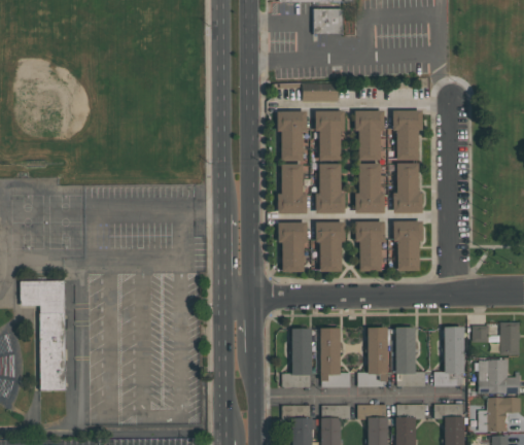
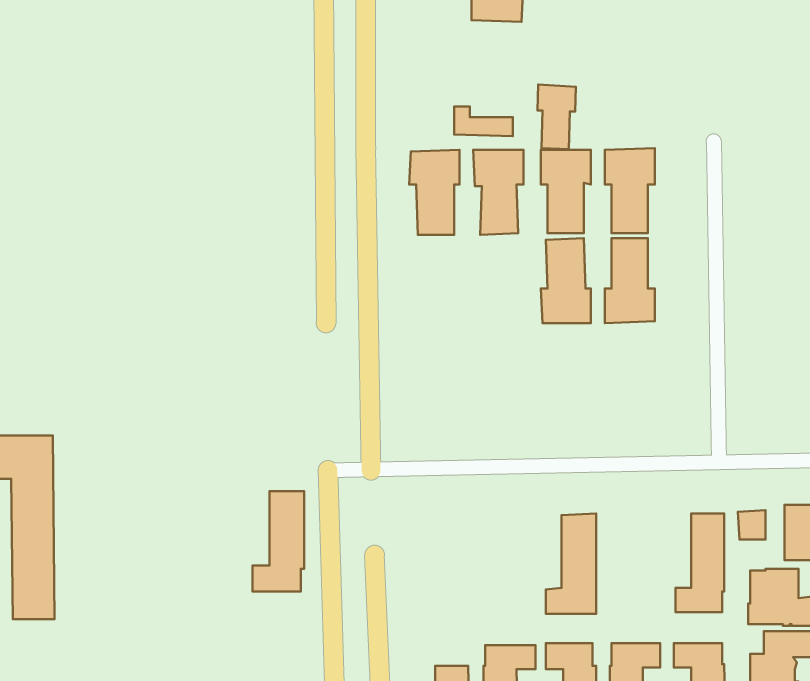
building: none -> [537,84,576,149]
building: [316,163,346,213] -> none
building: [278,164,308,214] -> none
building: [355,220,386,271] -> none
building: [393,220,424,270] -> none
building: [316,221,346,271] -> none
building: [278,222,308,272] -> none
building: [282,328,313,387] -> [252,491,304,591]
building: [320,328,351,387] -> none
building: [396,328,426,385] -> none

